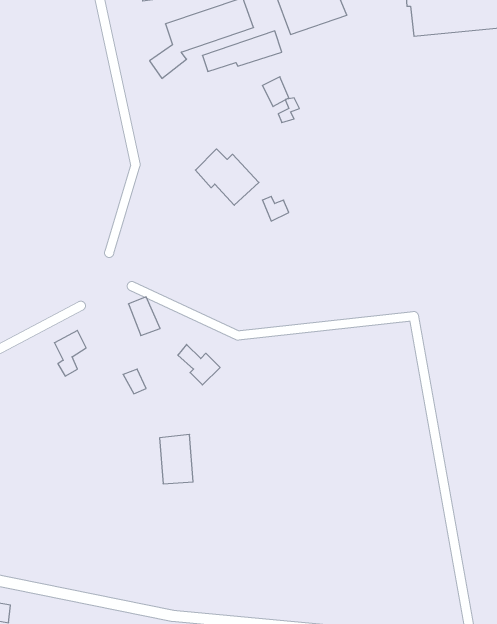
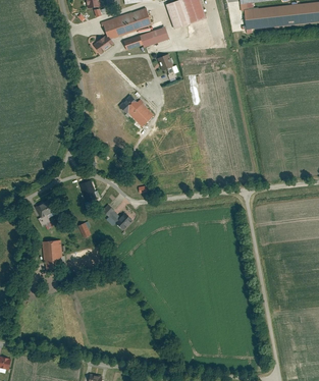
building: [160,434,193,484] -> [42,239,61,268]

